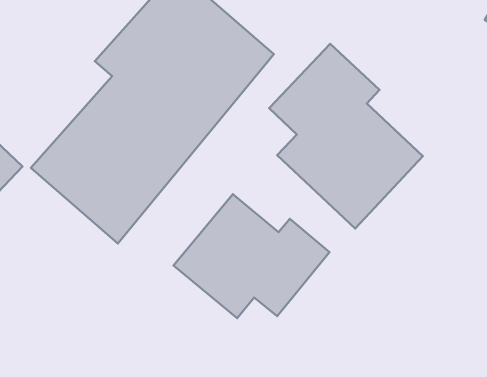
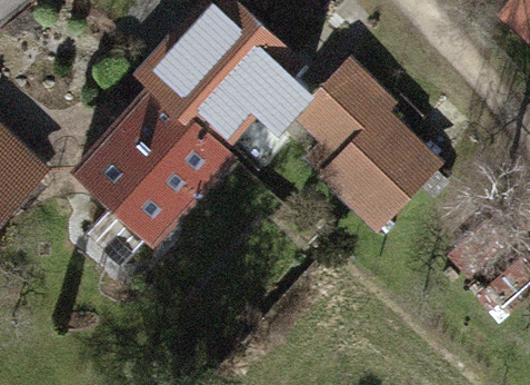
building: [174,194,330,318] -> none

